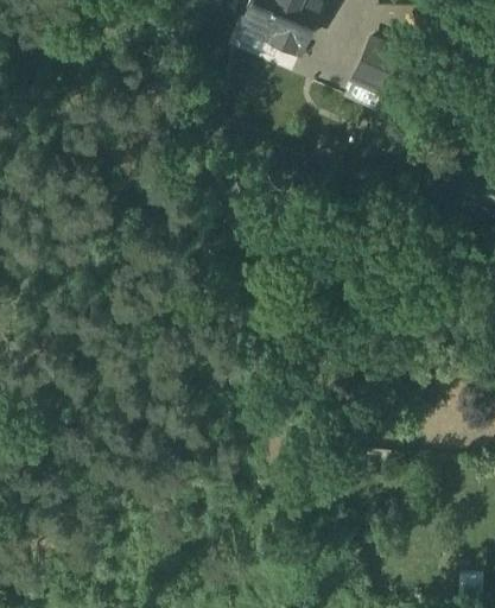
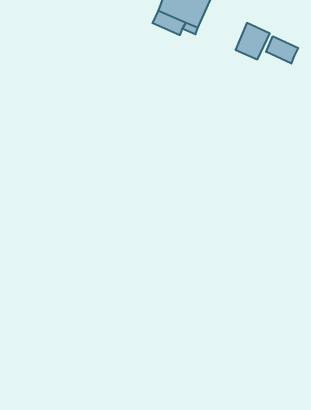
building: none -> [266,36,298,64]

